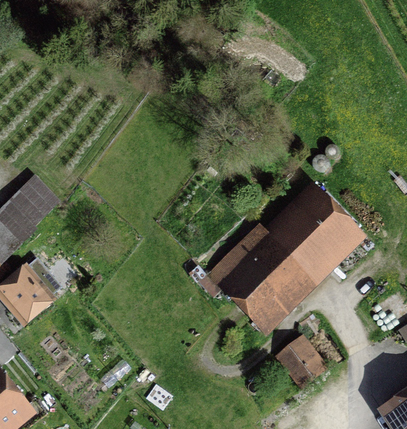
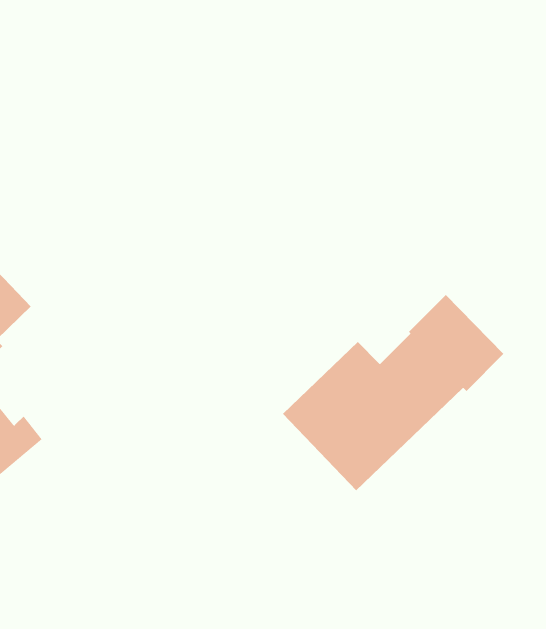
building: [285,340,327,383] -> none

